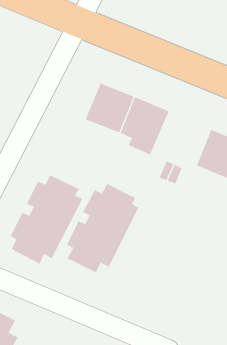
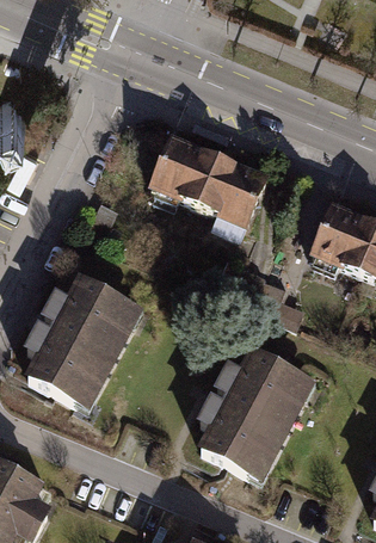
building: [66,183,139,273] -> [207,351,314,483]

